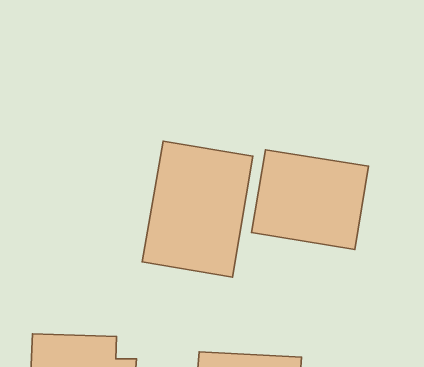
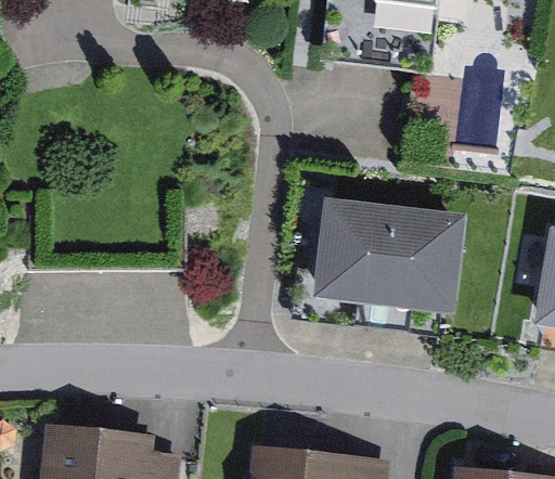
building: [142,141,253,277] -> none

